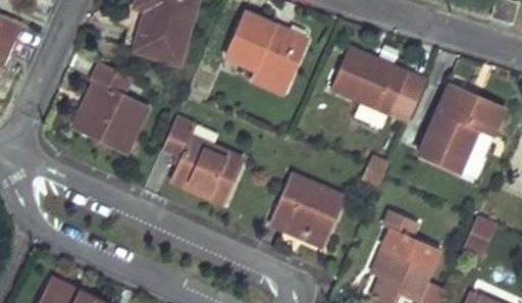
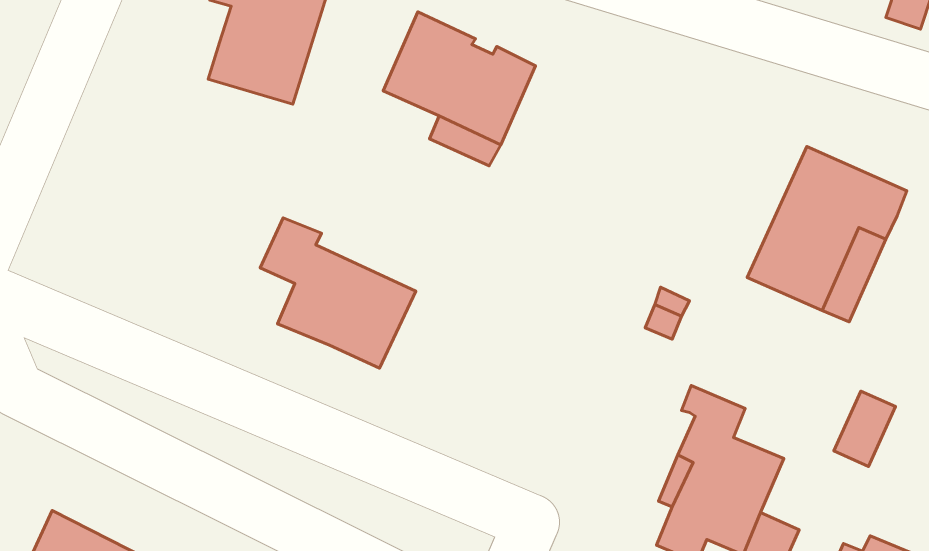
building: [329,50,426,122] -> none
building: [73,62,147,151] -> none
building: [269,174,343,245] -> none

